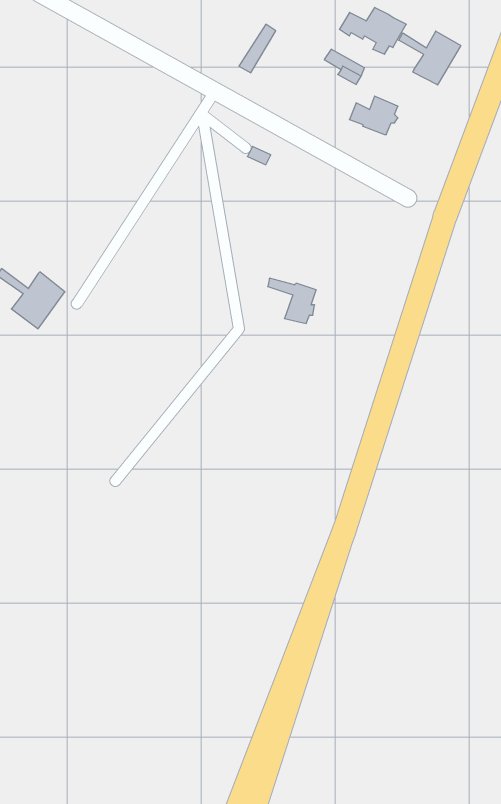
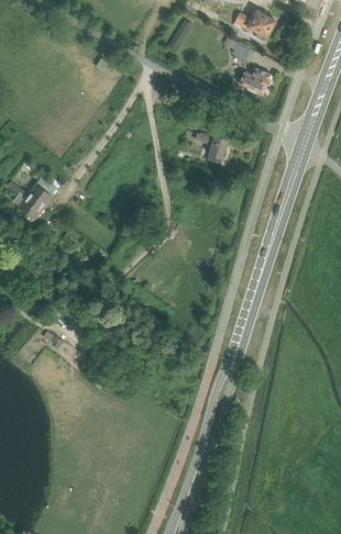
building: [399,31,461,85] -> none
building: [268,278,316,323] -> [194,132,226,162]

